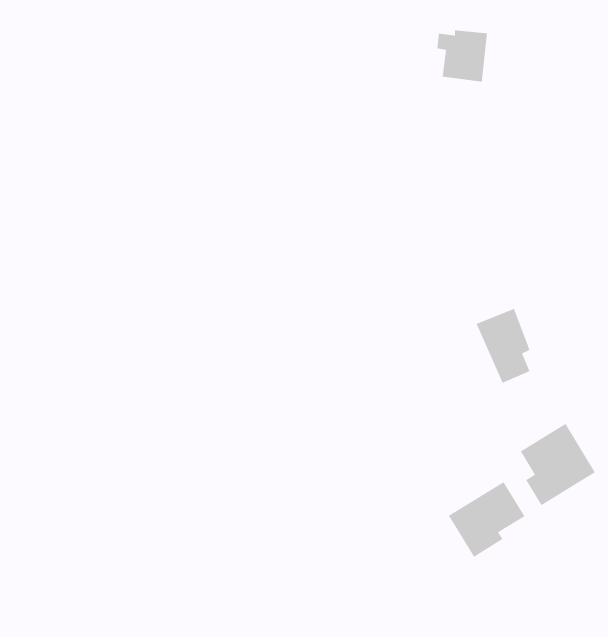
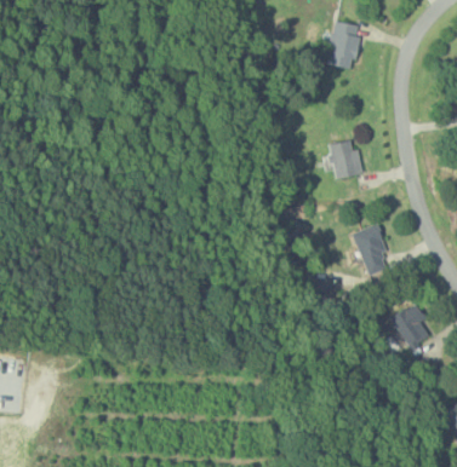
building: none -> [329,139,362,179]
building: [448,481,526,558] -> none

